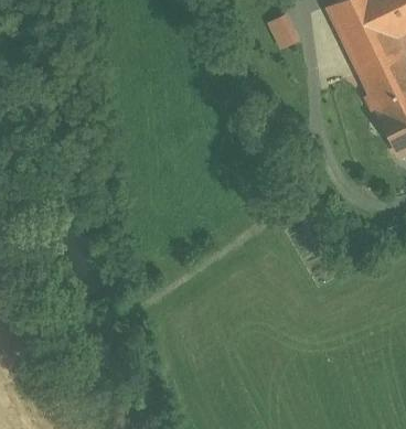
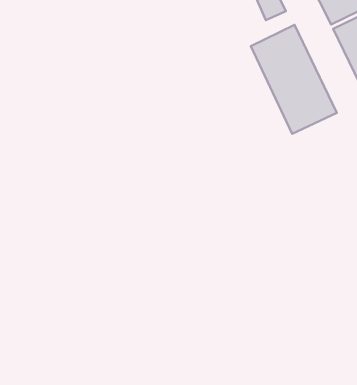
building: none -> [251,25,337,134]

